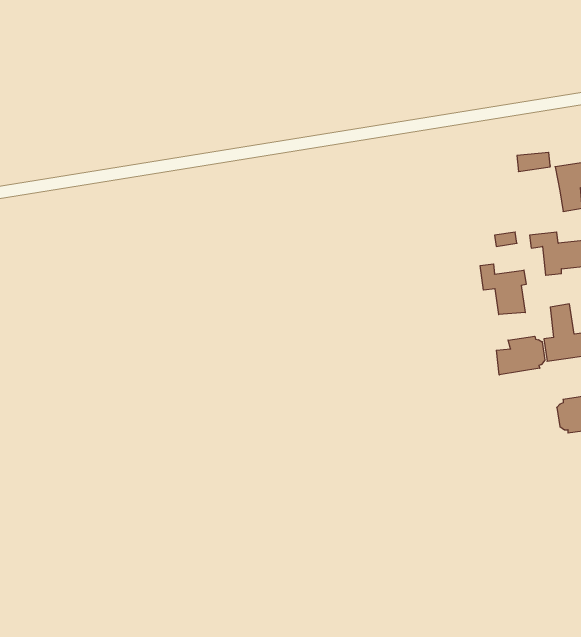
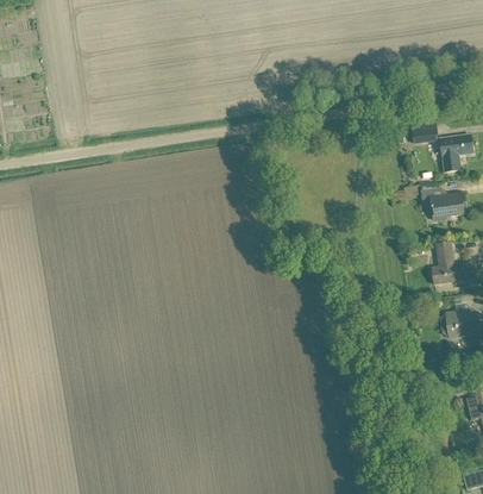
building: [480,264,526,315] -> none
building: [496,336,545,375] -> none

